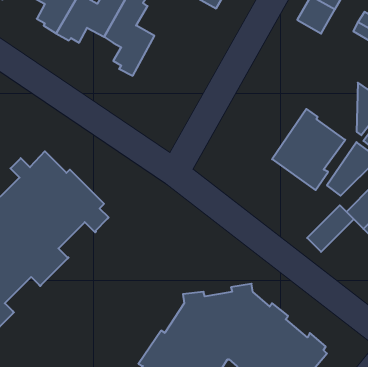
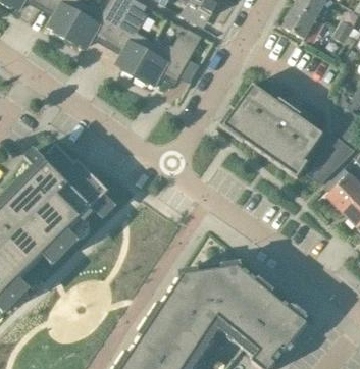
building: none -> [135,28,202,85]
building: none -> [219,84,290,151]
building: [307,205,354,252] -> none

